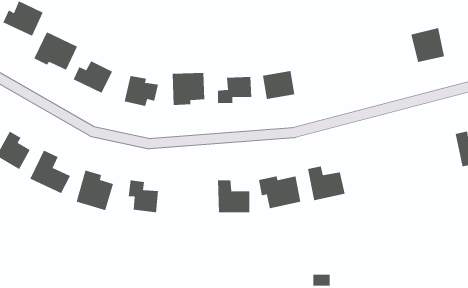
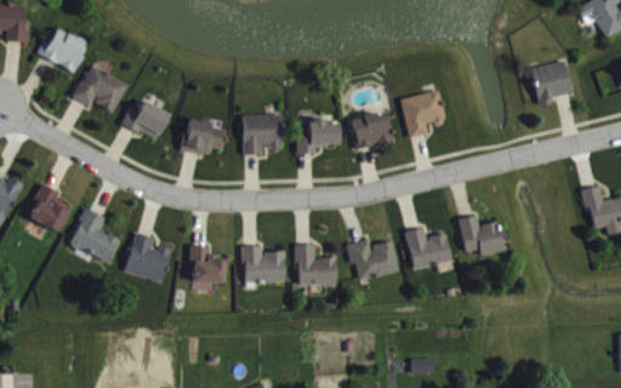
building: none -> [400,91,445,138]
building: none -> [457,216,502,256]
building: none -> [243,246,285,284]

